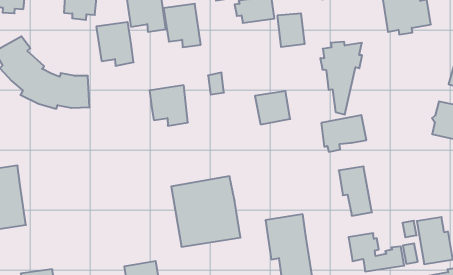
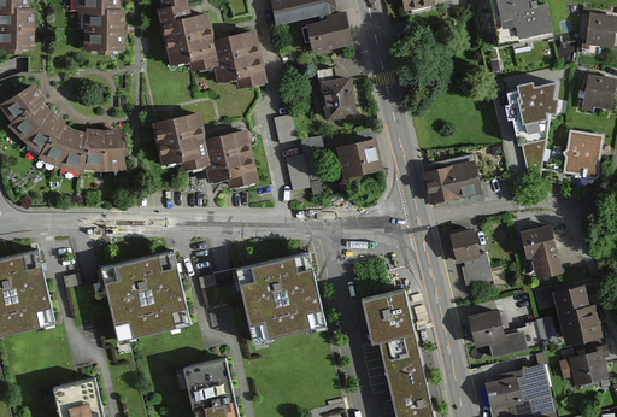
building: [277,13,305,47] -> [318,75,355,119]
building: [96,22,134,66] -> [154,116,205,172]
building: [320,42,362,115] -> [504,84,557,177]
building: none -> [284,137,323,195]
building: none -> [521,222,563,275]
building: none -> [101,251,190,342]

